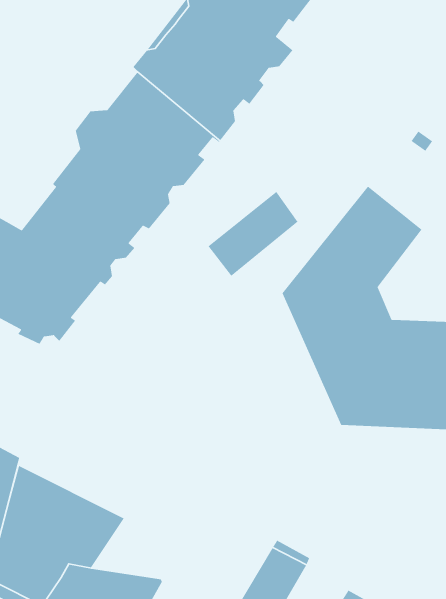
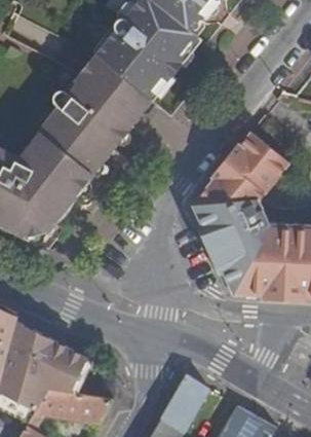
building: [207,191,299,277] -> none

